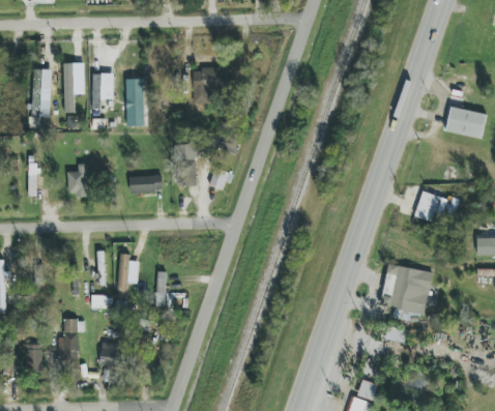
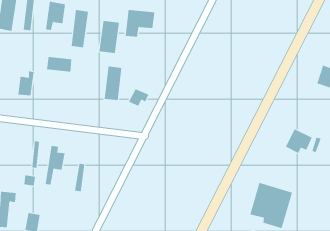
building: none -> [99,20,120,54]
building: [130,175,163,193] -> [46,57,72,72]

